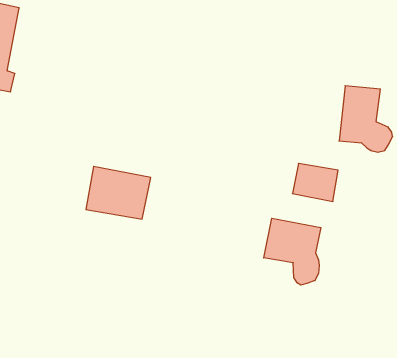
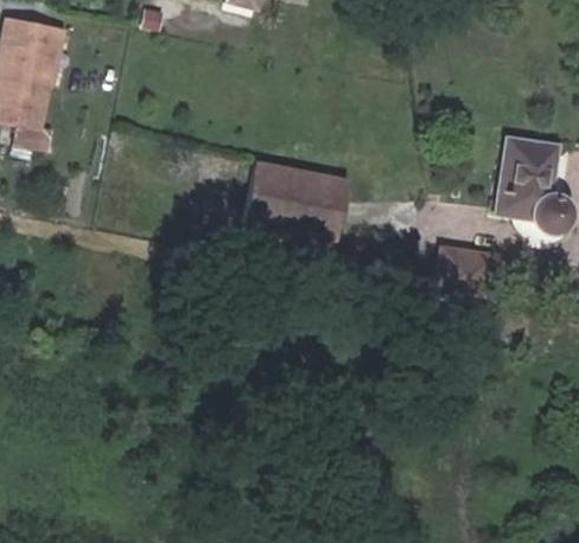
building: [86,166,151,219] -> [250,161,339,234]
building: [264,218,321,285] -> none

